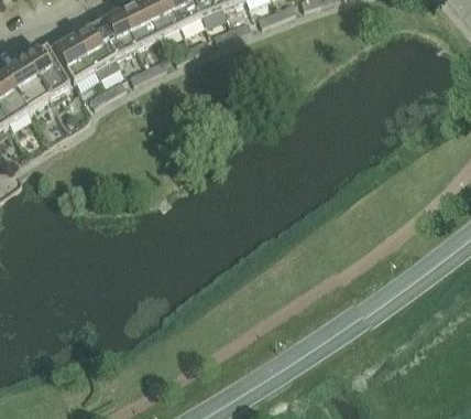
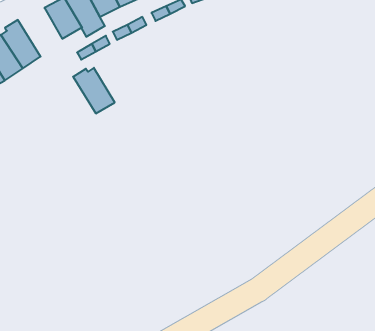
building: [23,49,69,99] -> [73,68,115,113]

